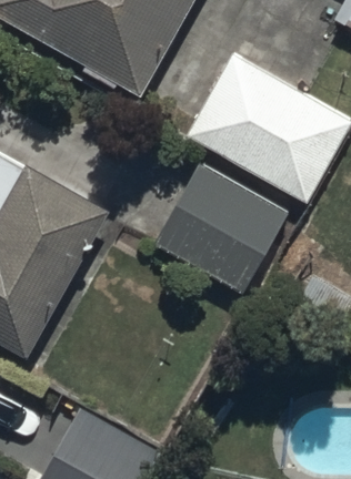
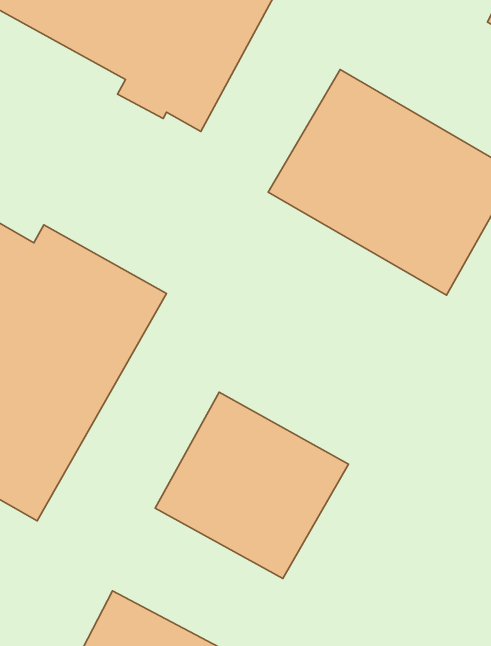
building: [156,166,287,293] -> [155,392,348,579]

